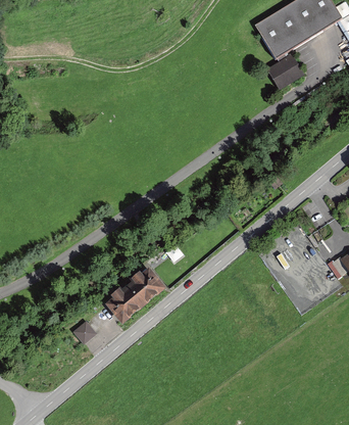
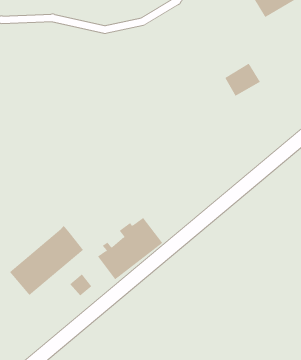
building: [266,54,304,89] -> [224,63,261,97]
building: none -> [9,225,84,296]

